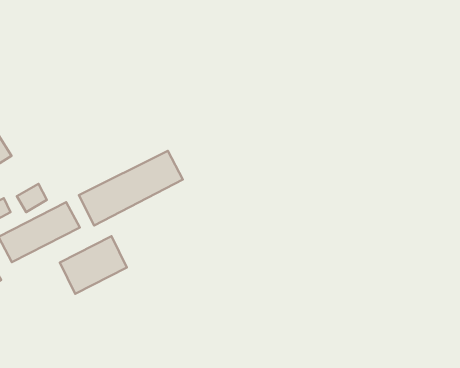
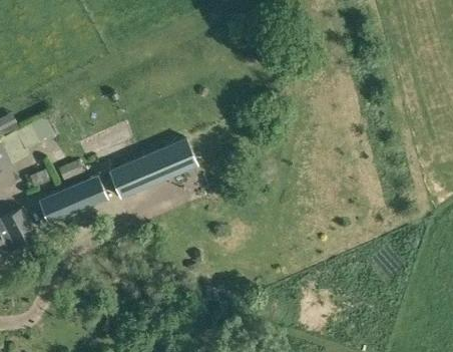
building: [60,236,127,294] -> none

